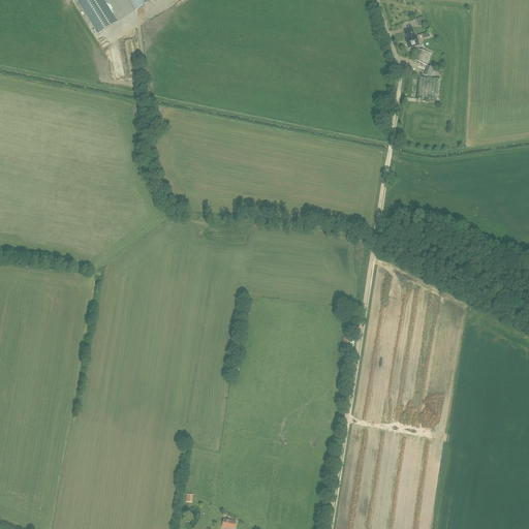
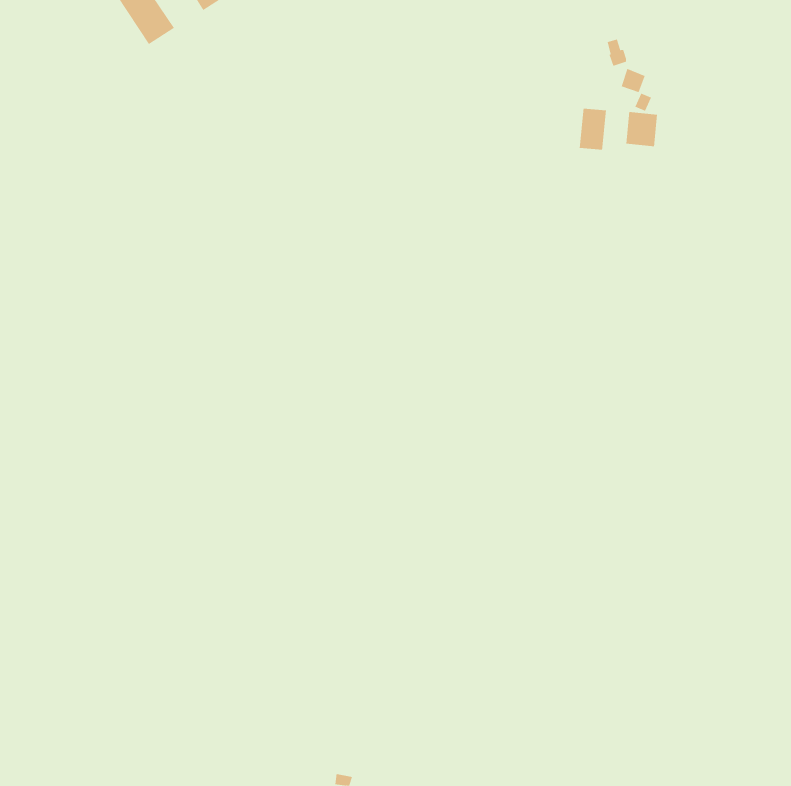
building: none -> [579,108,606,150]

